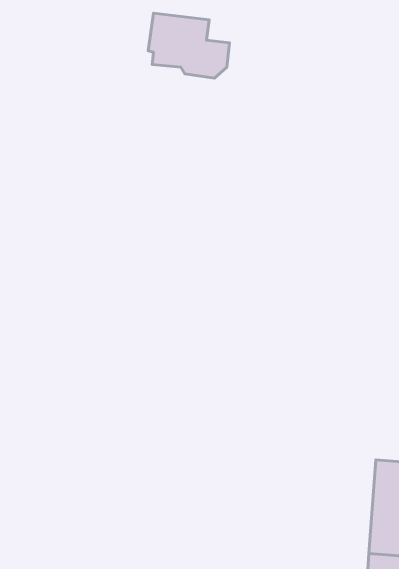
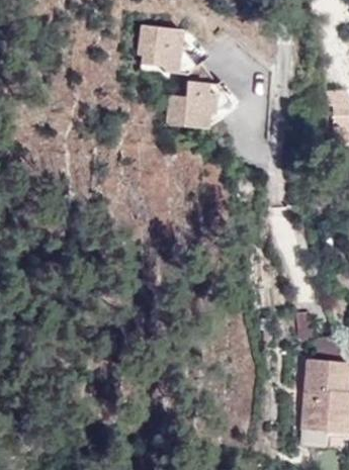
building: none -> [167,68,230,127]

